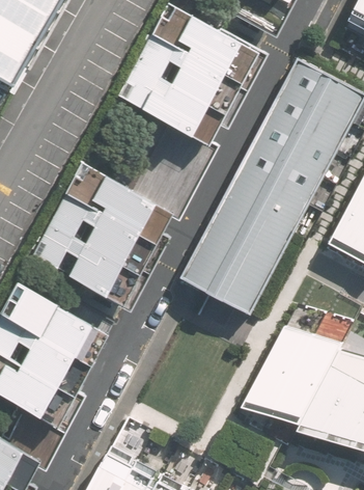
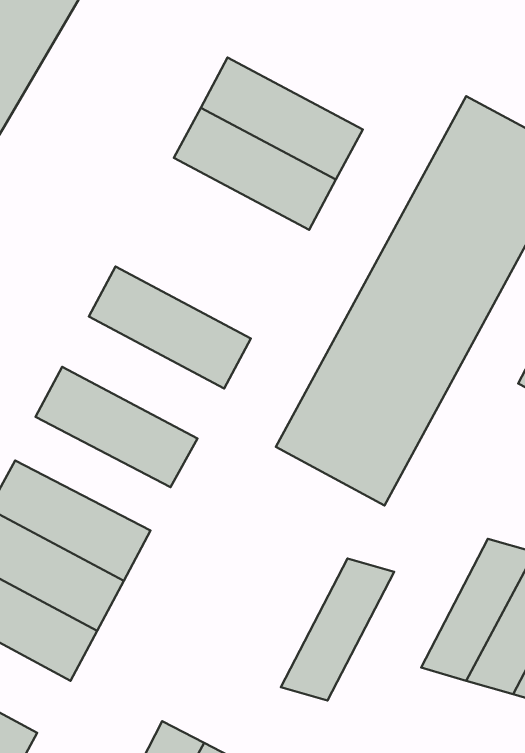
building: [150,5,251,81] -> none
building: [48,197,148,273] -> none
building: [242,327,312,415] -> [281,558,394,700]

